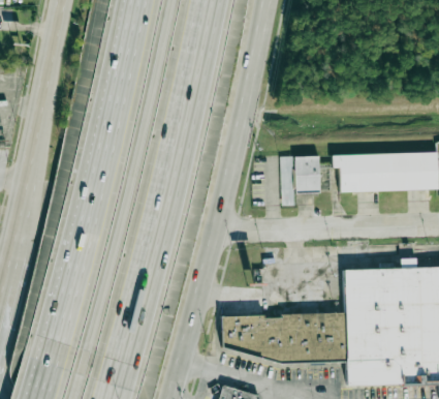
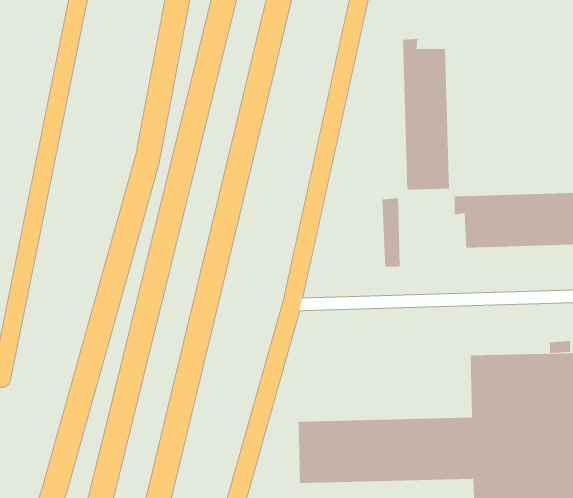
building: none -> [402,38,449,191]
building: [295,156,321,193] -> none

